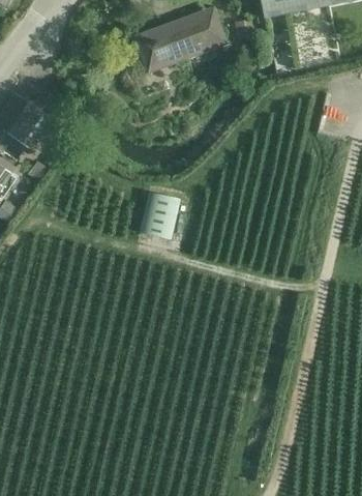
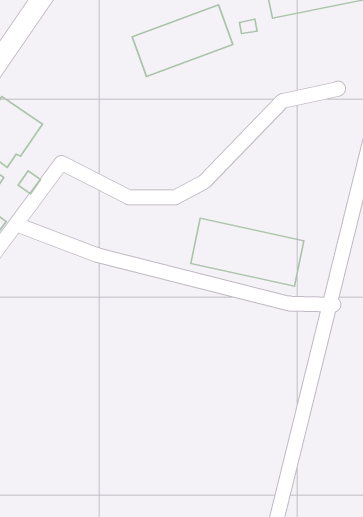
building: [139,192,180,239] -> none
building: none -> [191,218,304,286]

